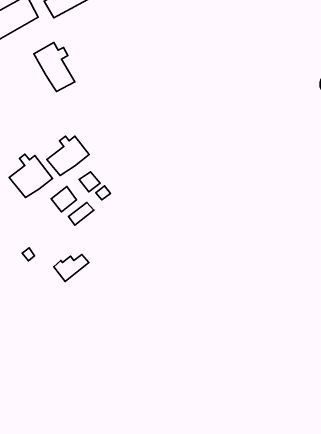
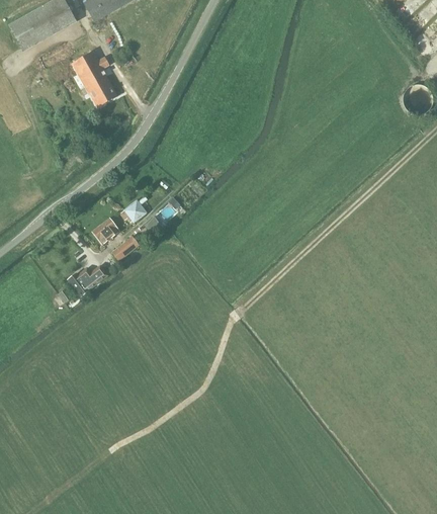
building: [47,136,89,176] -> none
building: [9,154,53,197] -> none
building: [54,255,89,282] -> [68,265,108,296]

